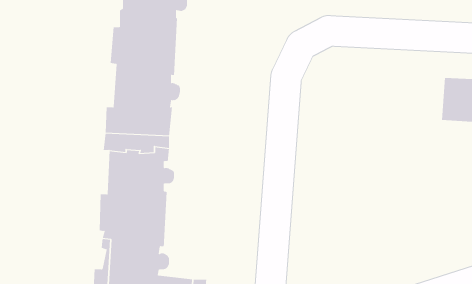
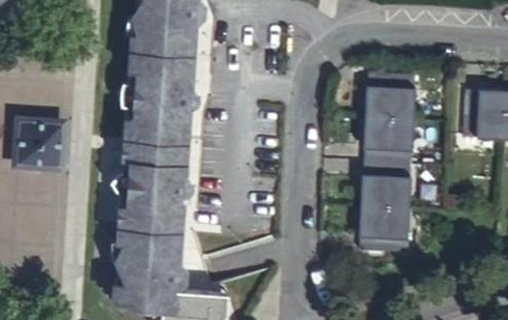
building: none -> [359,69,417,244]
building: none -> [26,125,72,172]

